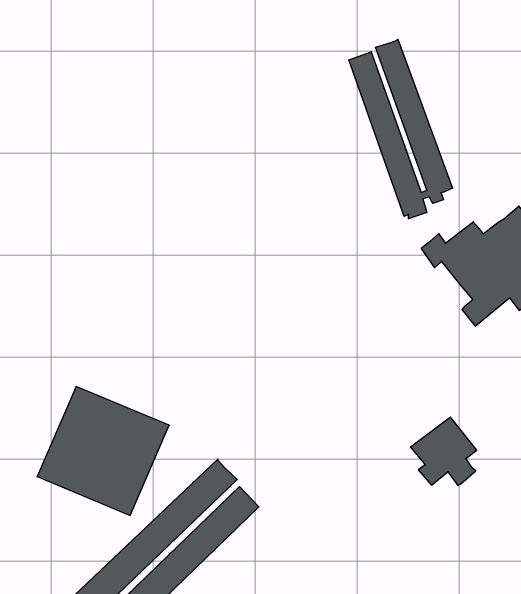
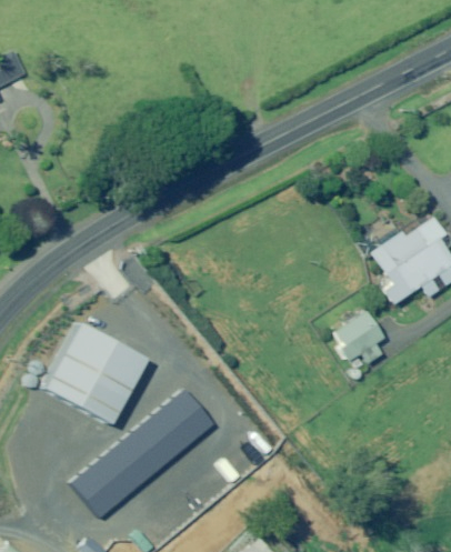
building: [349,39,453,219] -> none
building: [410,417,477,486] -> [333,311,383,363]

